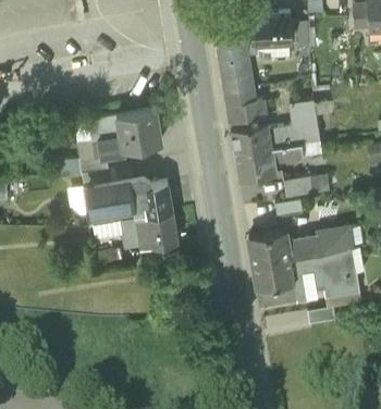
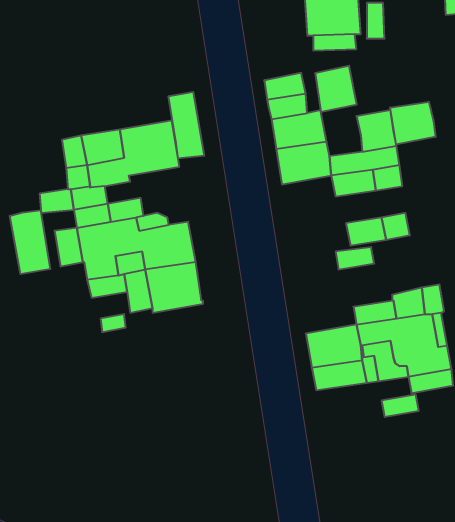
building: [220,41,250,75] -> [315,66,357,112]
building: none -> [169,92,204,159]
building: none -> [390,102,436,145]
building: [236,145,276,175] -> none
building: none -> [10,210,50,274]
building: [249,228,291,260] -> none

